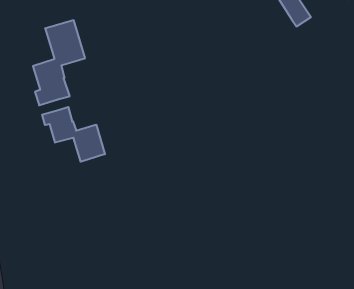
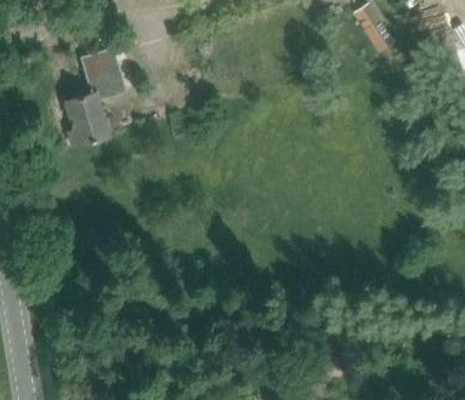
building: [42,107,105,162] -> none

